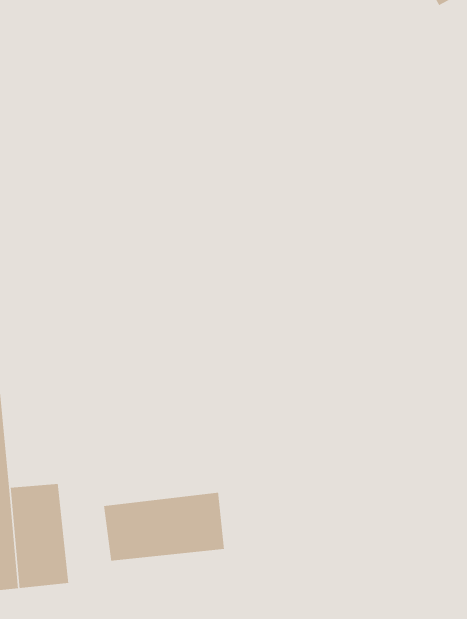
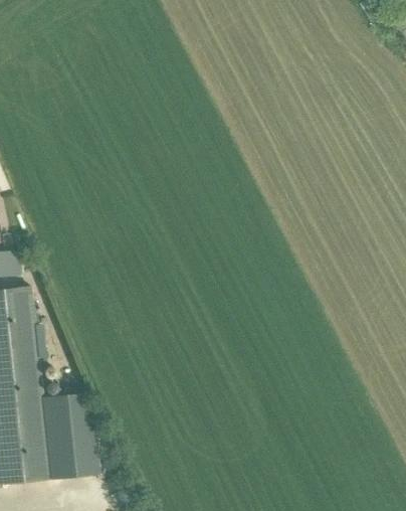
building: [103,492,225,561] -> none

